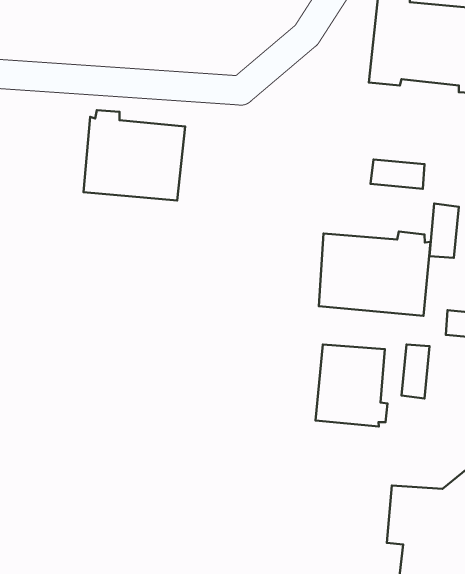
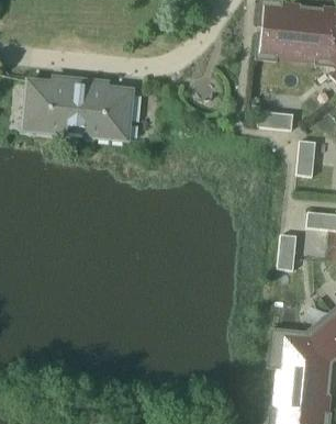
building: none -> [24,79,70,133]
building: [319,232,430,316] -> none
building: [316,345,387,426] -> none

